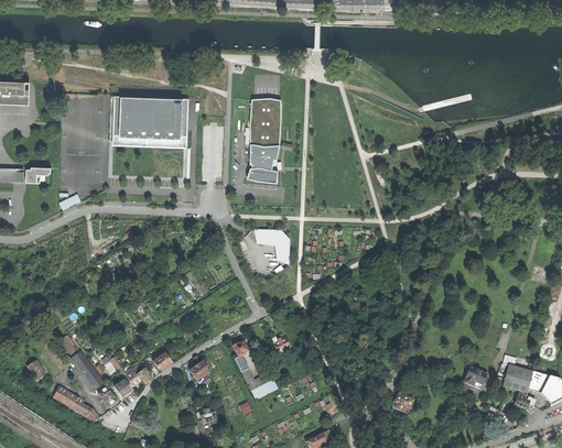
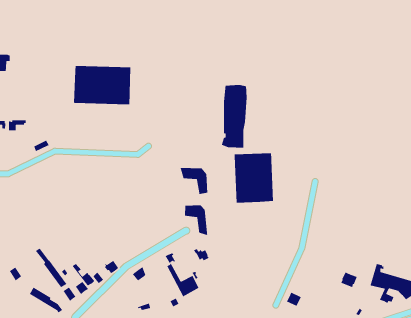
building: [247,98,282,183] -> [221,84,248,149]
building: none -> [234,152,274,204]
building: none -> [184,204,208,236]

